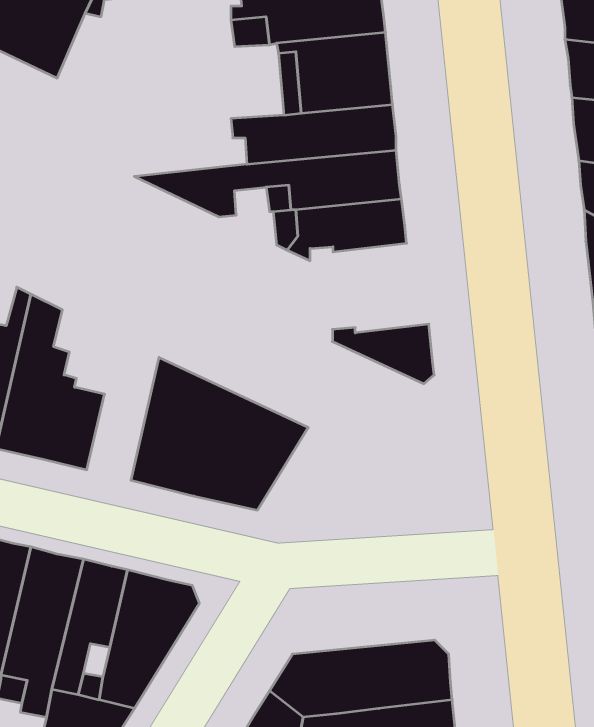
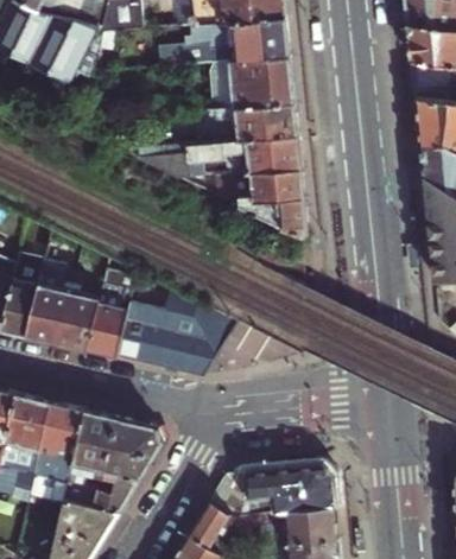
building: [332,324,434,384] -> [238,196,306,236]
building: none -> [87,271,134,356]

